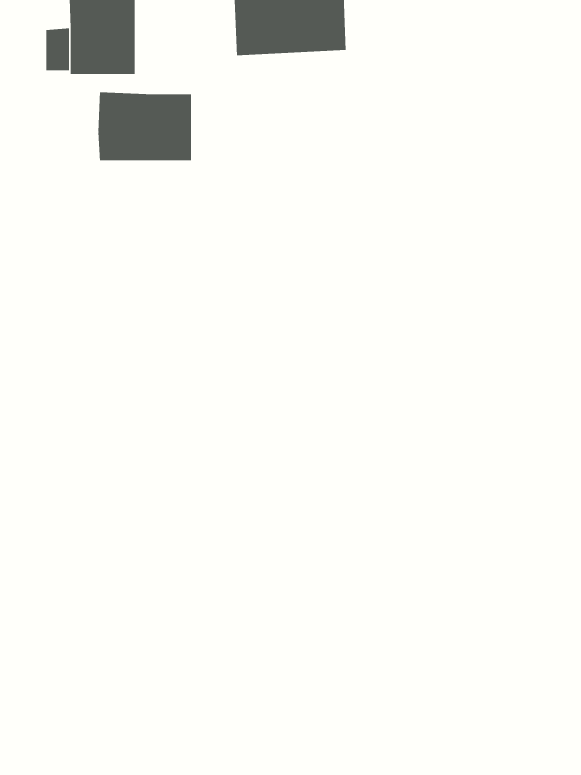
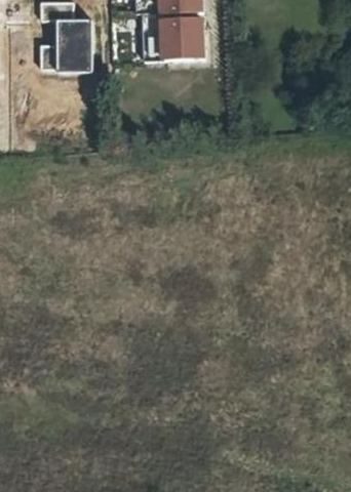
building: [98,92,191,161] -> none

